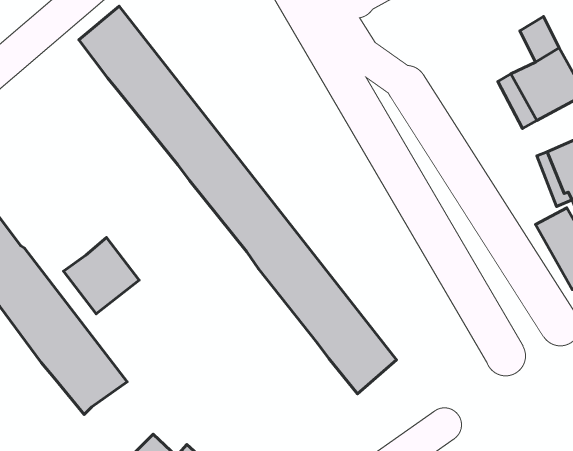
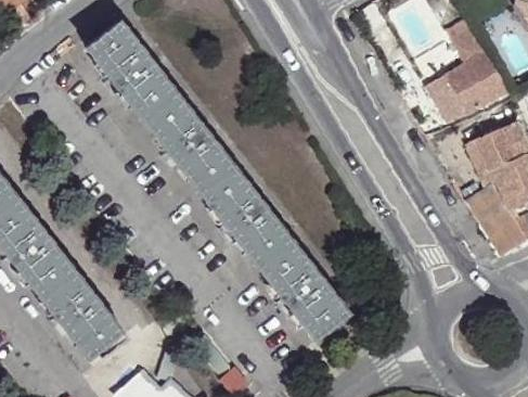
building: [63,237,139,314] -> none

